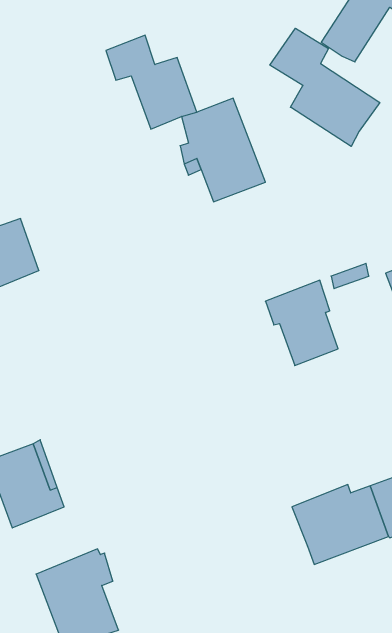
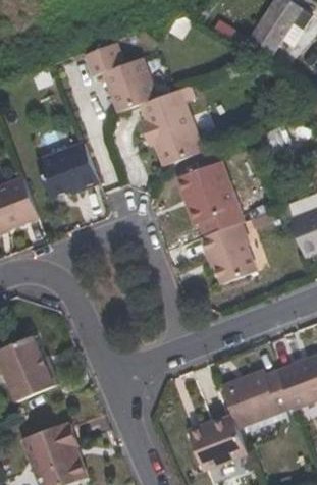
building: [270,28,380,146] -> none
building: none -> [35,140,99,195]
building: none -> [177,158,237,223]
building: none -> [186,415,248,472]

